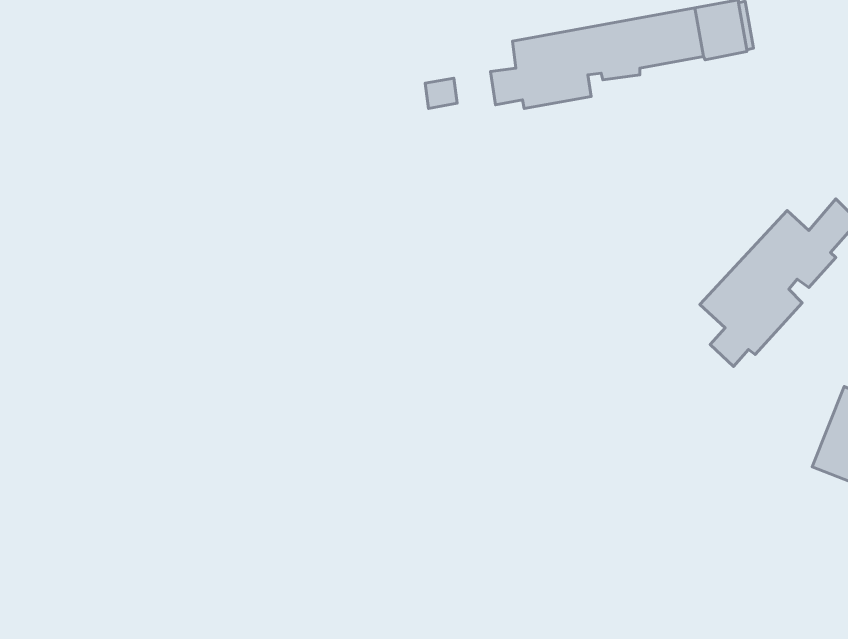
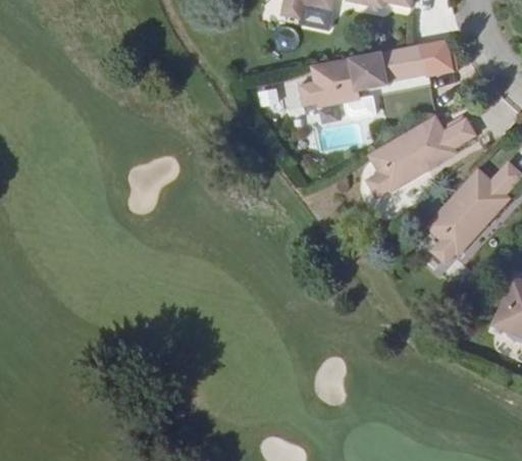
building: none -> [366,115,475,197]

